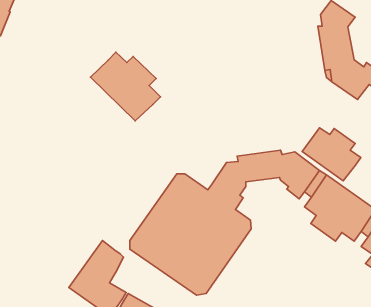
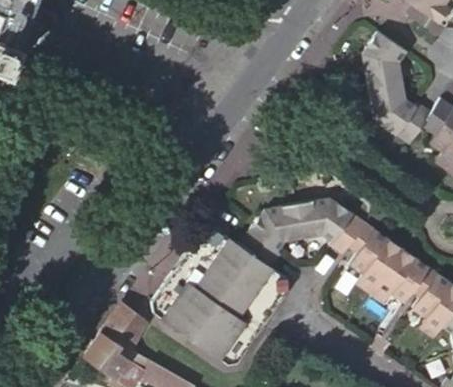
building: [91,52,160,121] -> none
building: [302,128,361,181] -> none

